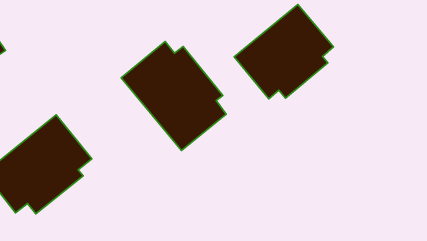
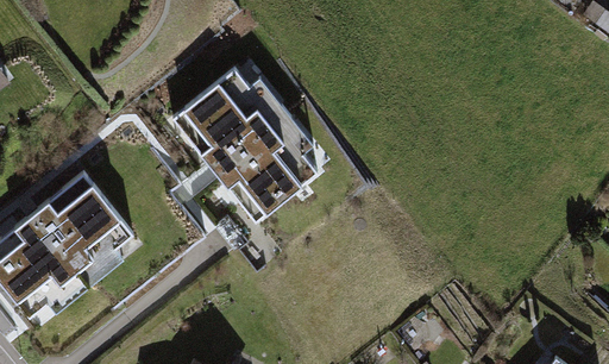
building: [234,4,333,99] -> none

